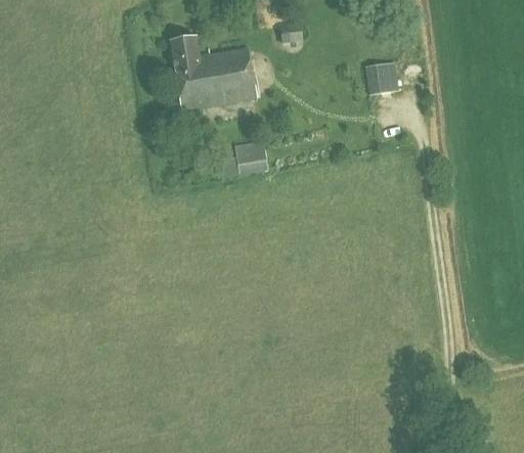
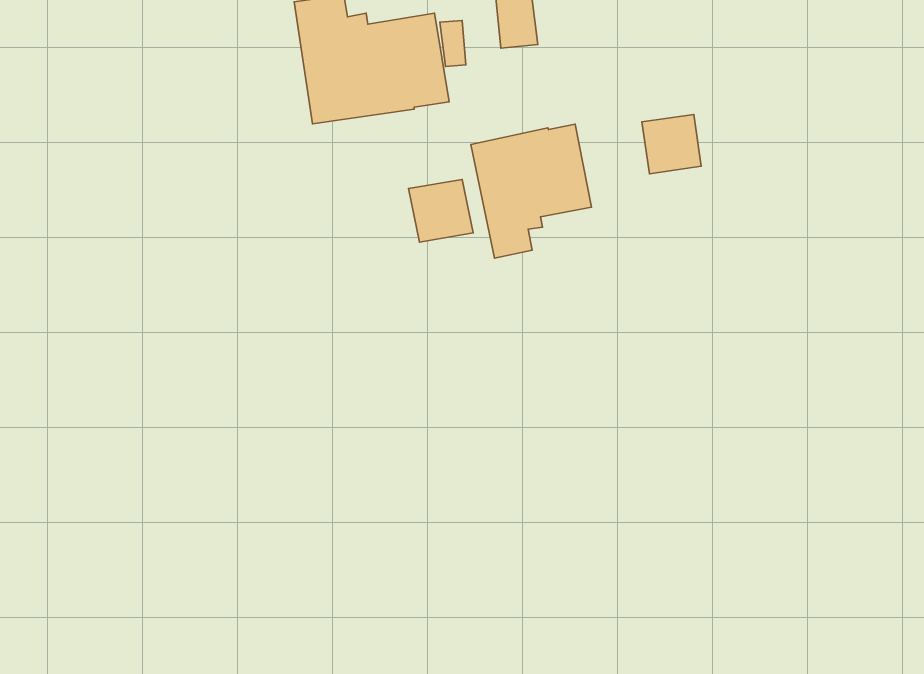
building: [364,63,397,96] -> [642,115,701,174]
building: none -> [471,124,591,258]

